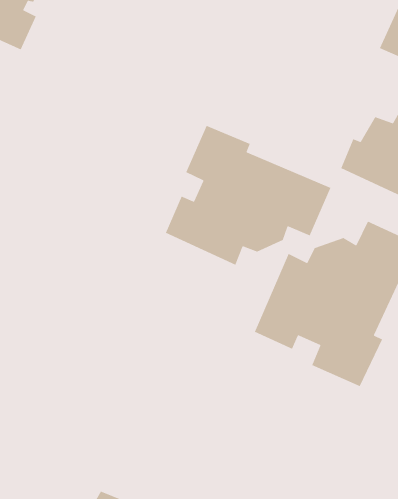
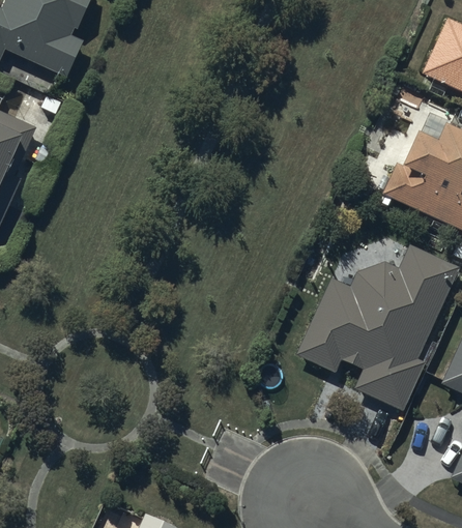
building: [165,125,332,266] -> none

